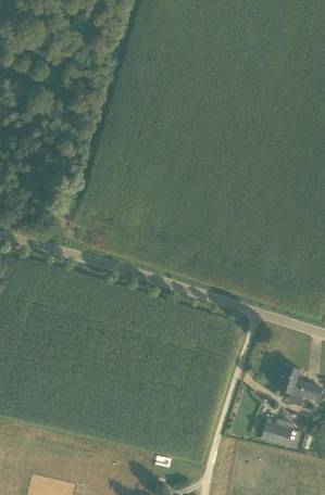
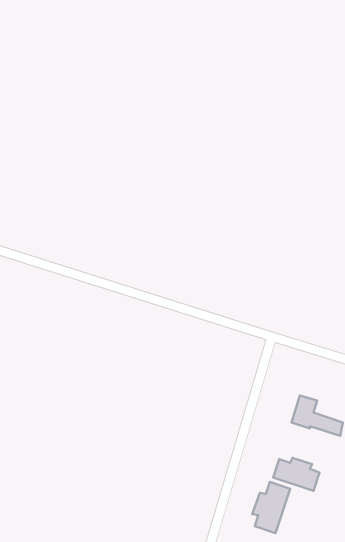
building: none -> [252,482,290,533]

